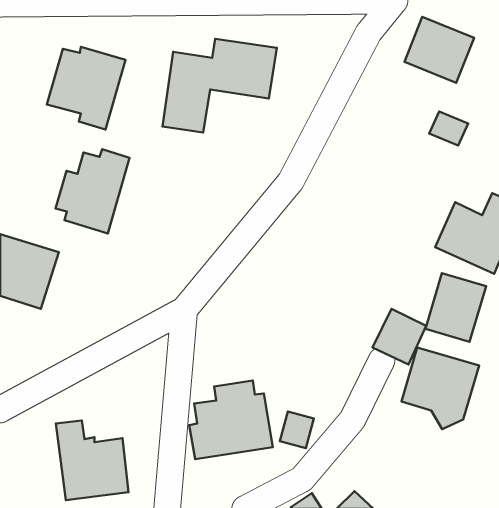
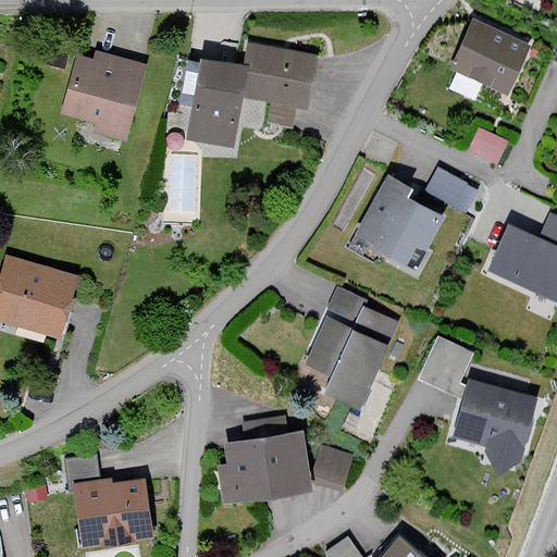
building: [56,149,129,233] -> none
building: none -> [431,172,482,215]
building: none -> [355,174,445,265]
building: none -> [307,290,400,413]
building: [425,273,486,342] -> none

